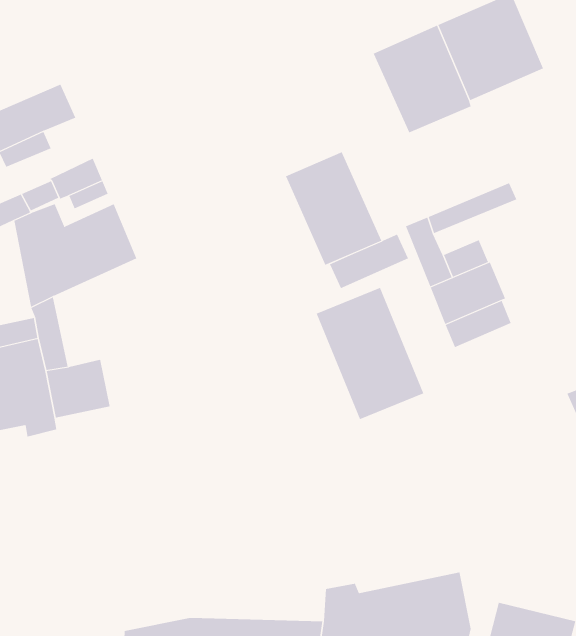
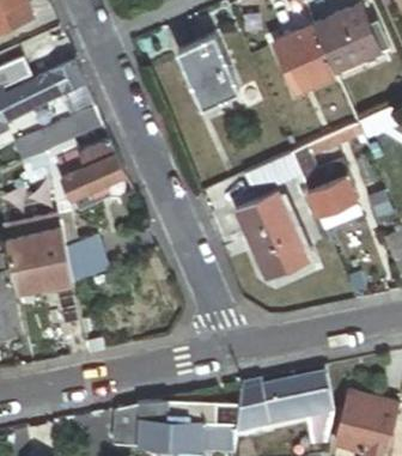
building: [285,151,382,265] -> [178,36,239,108]

